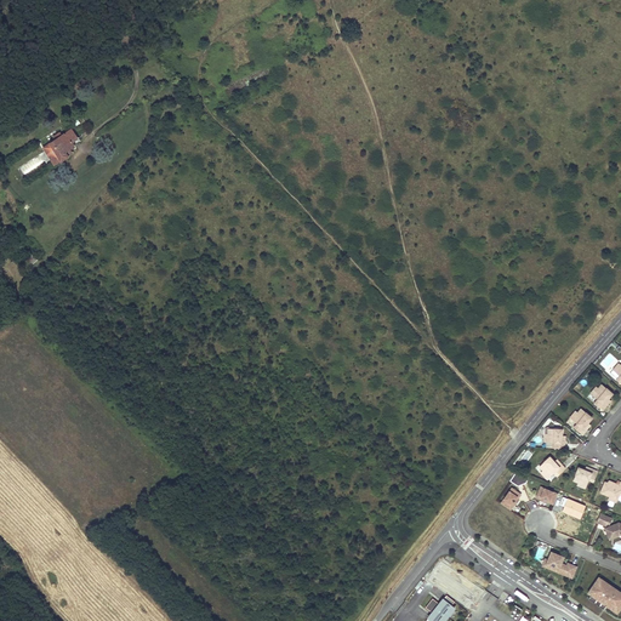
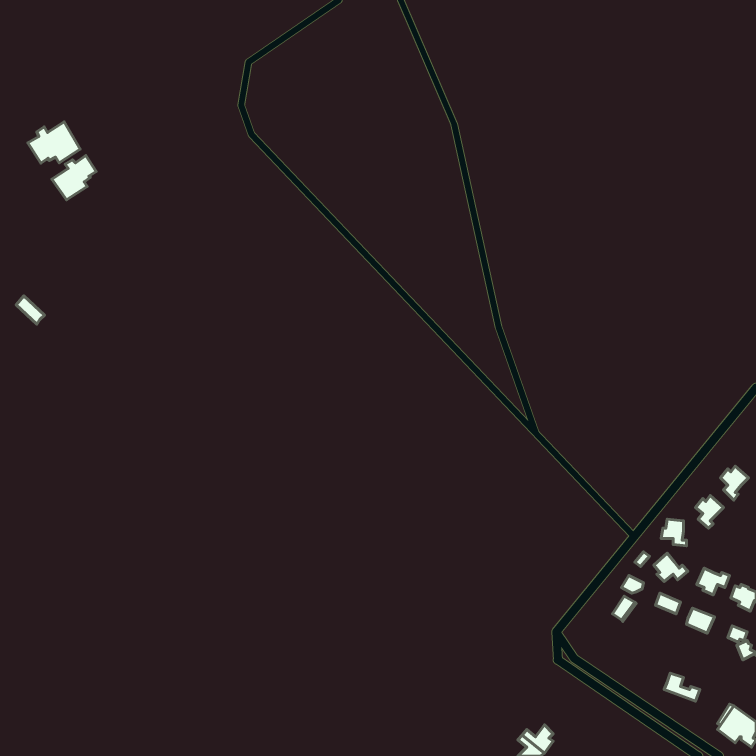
building: none -> [28,122,80,163]

